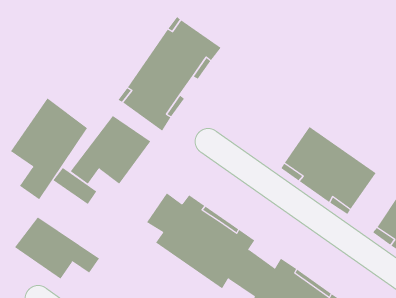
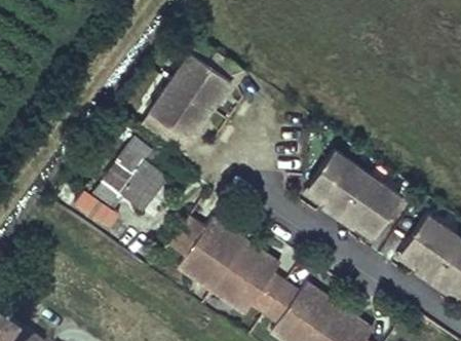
building: [10,97,88,200] -> none
building: [14,216,100,280] -> none

